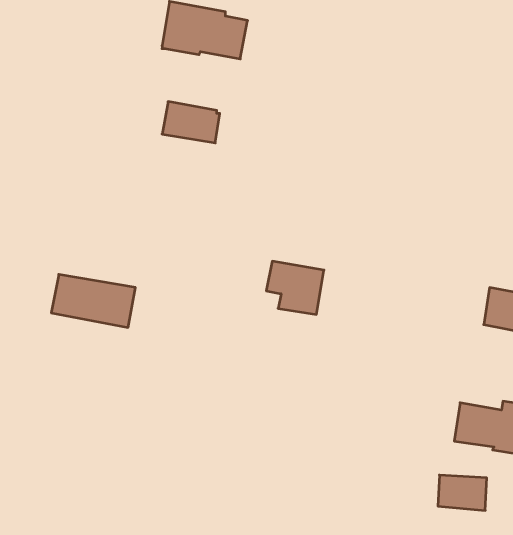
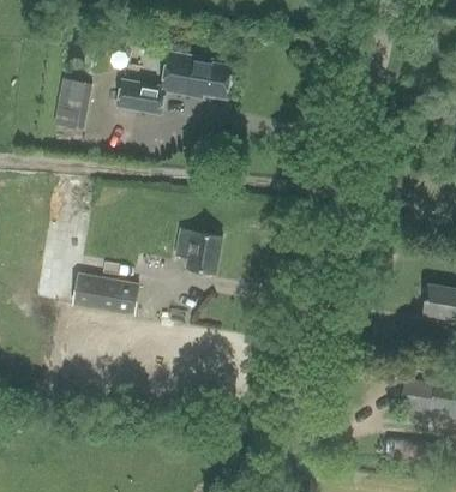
building: none -> [55,78,89,128]
building: [162,102,220,143] -> [118,79,164,113]
building: [266,261,324,314] -> [176,230,223,274]

